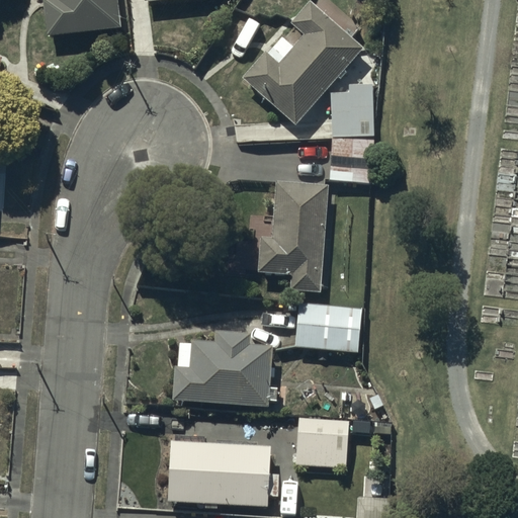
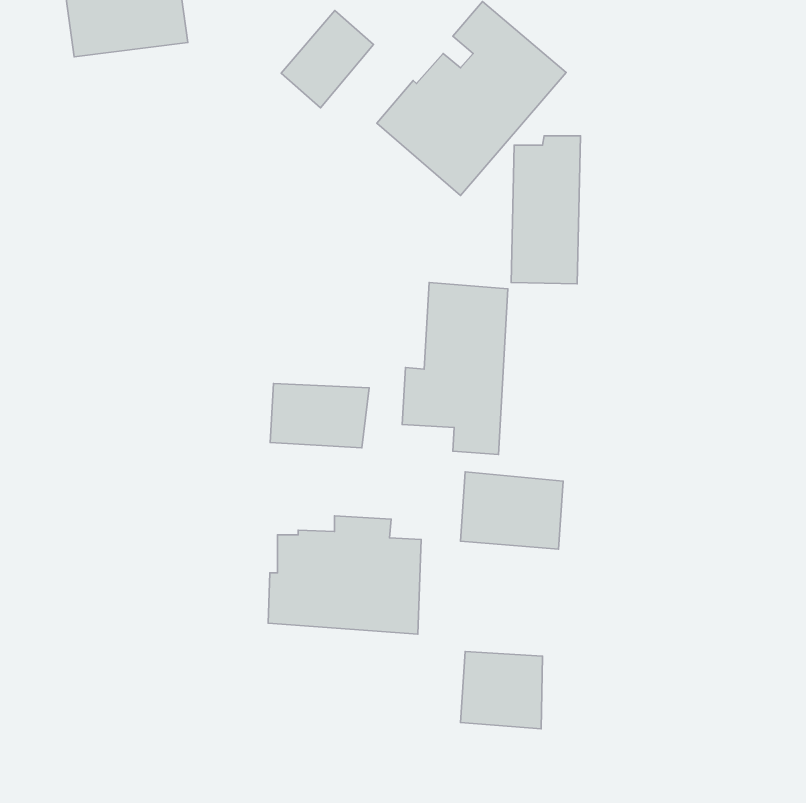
building: none -> [281,10,373,108]
building: none -> [270,383,369,448]
building: [168,433,286,507] -> none

